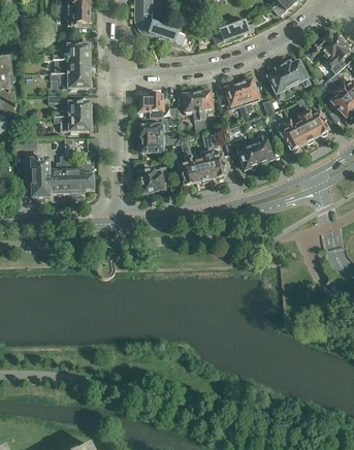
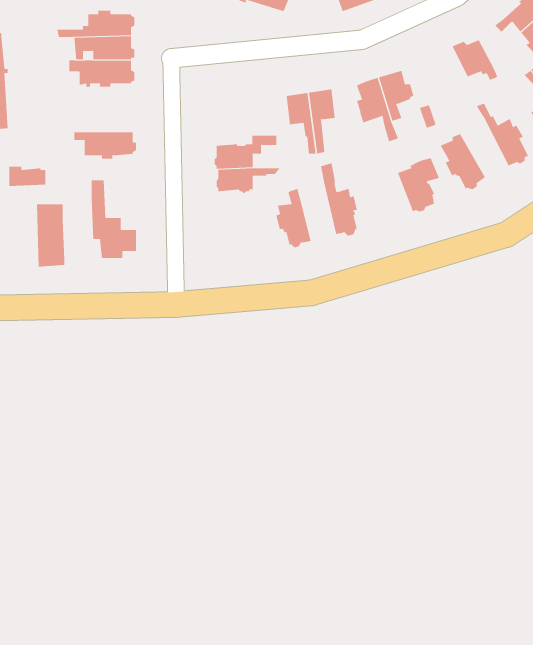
building: [266,63,291,97] -> none
building: [137,92,164,116] -> none
building: [54,99,92,115] -> none
building: [287,107,316,142] -> none
building: [234,139,258,168] -> none
building: [191,146,212,181] -> none
building: [47,155,70,192] -> none
building: [139,164,169,193] -> none

